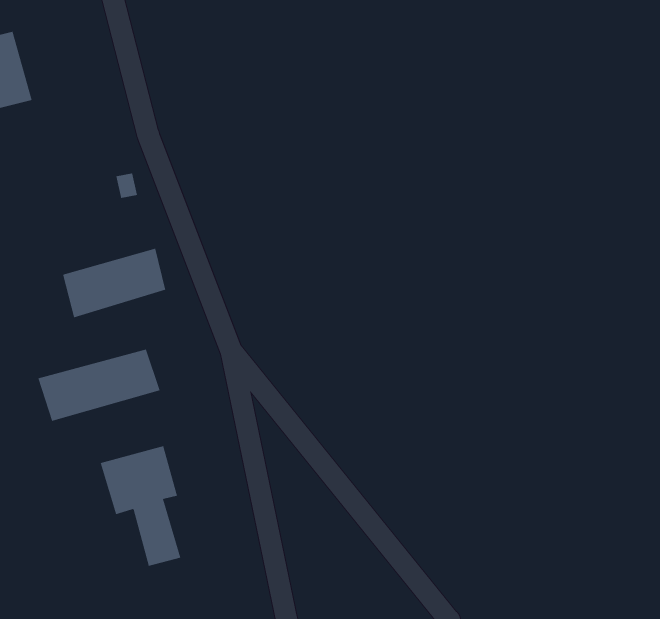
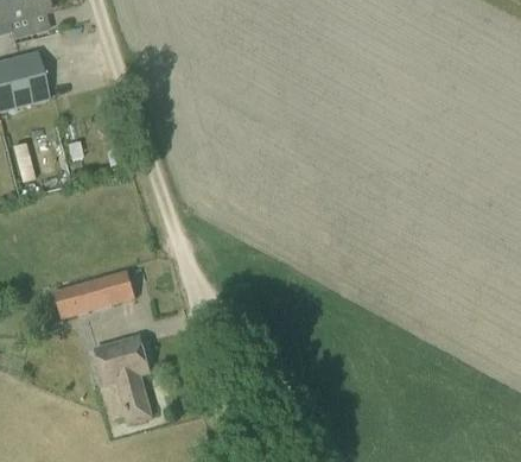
building: [63,248,166,318] -> none

